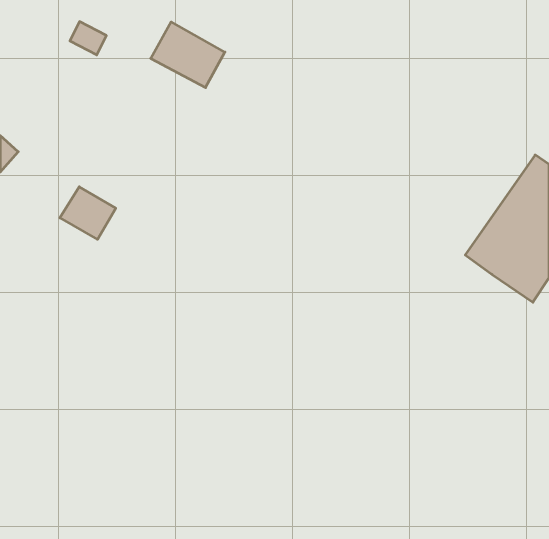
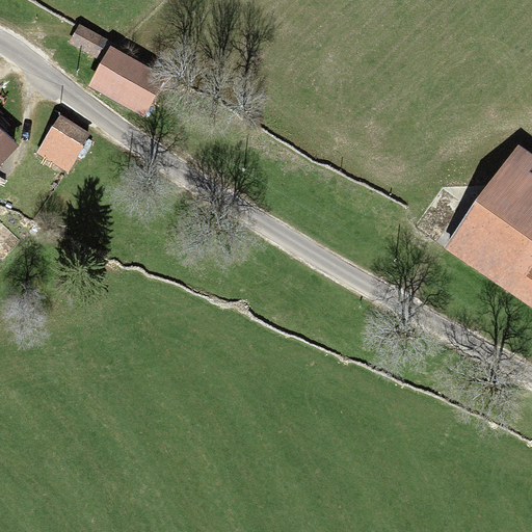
building: [151,22,225,88] -> [90,47,162,110]
building: [60,187,116,239] -> [41,117,95,168]

